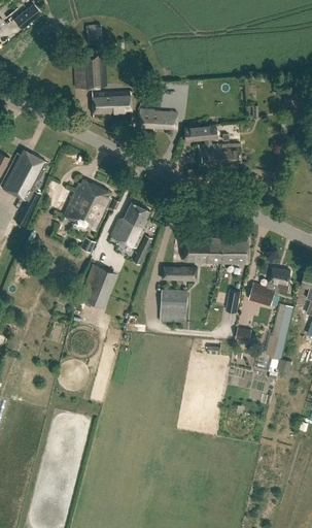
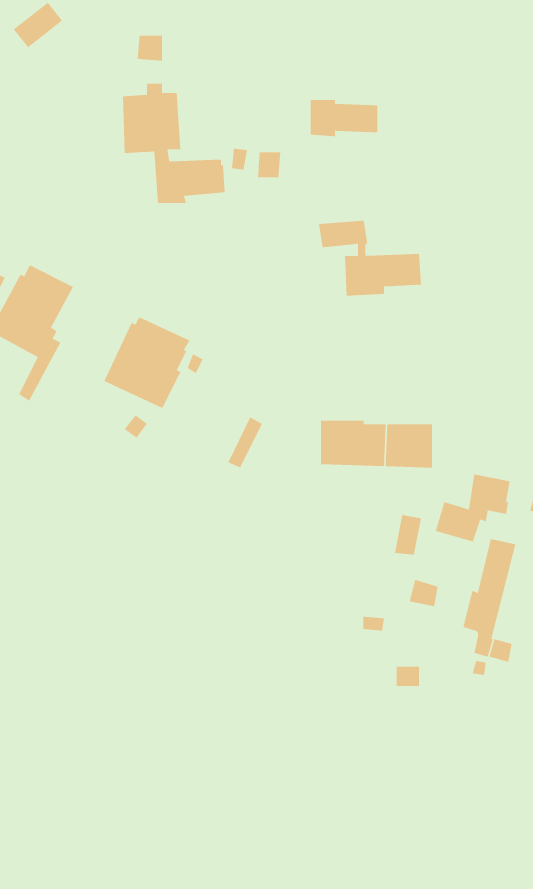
building: [139,109,177,130] -> [310,100,378,137]
building: [111,202,149,246] -> none
building: [78,263,117,307] -> none
building: [160,265,197,322] -> none

